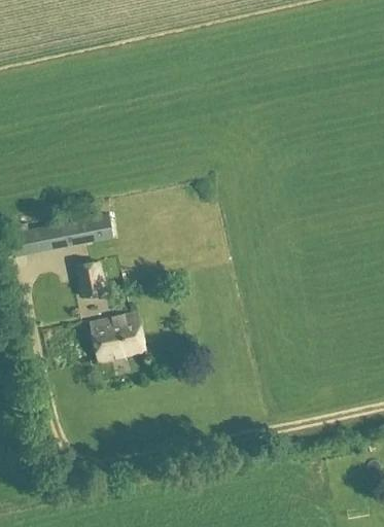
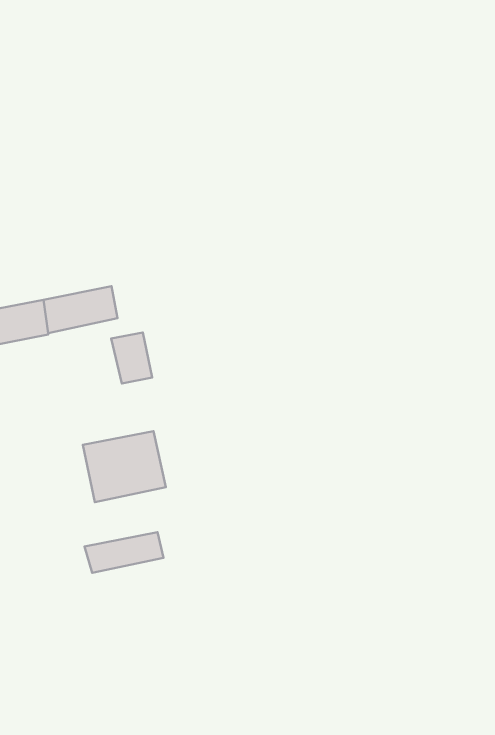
building: [76,261,104,296] -> [111,332,152,384]
building: none -> [84,532,163,573]

